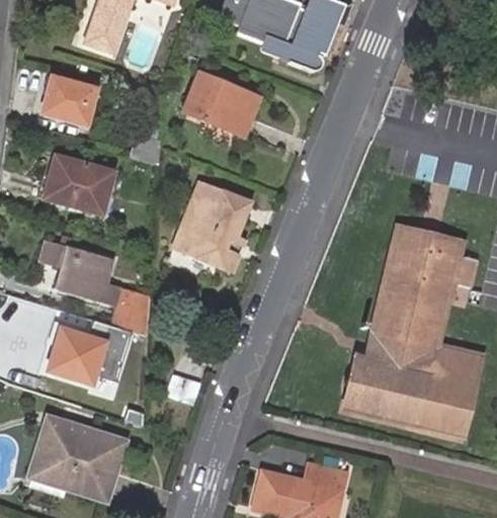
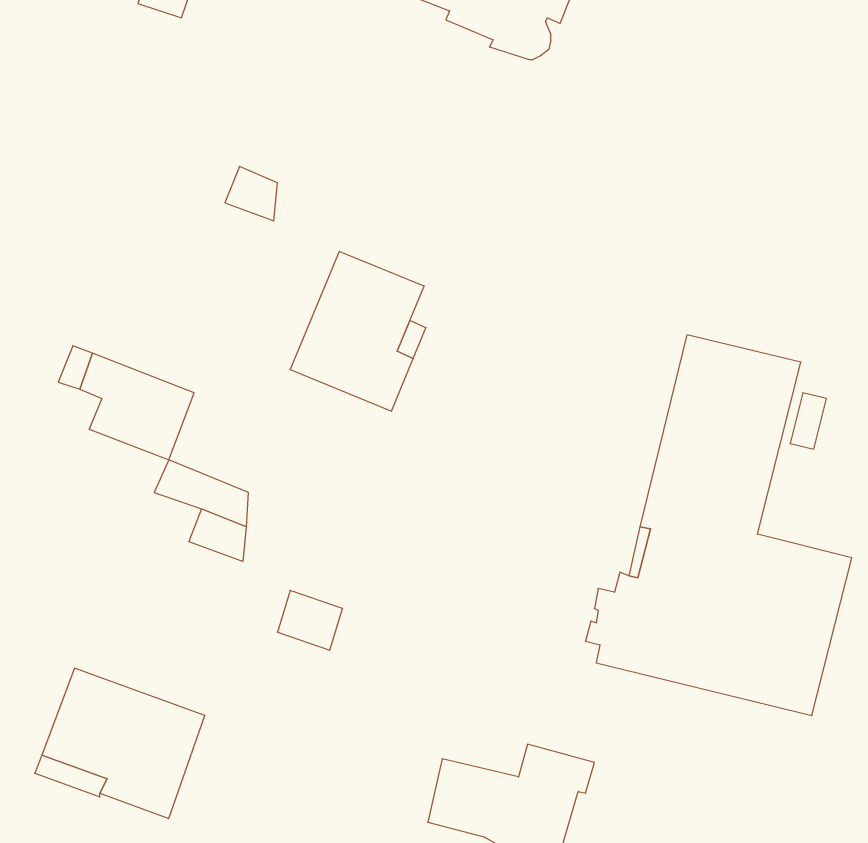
building: [48,69,104,119] -> none
building: [184,76,260,139] -> none
building: [51,149,119,213] -> none
building: [43,320,108,381] -> none

